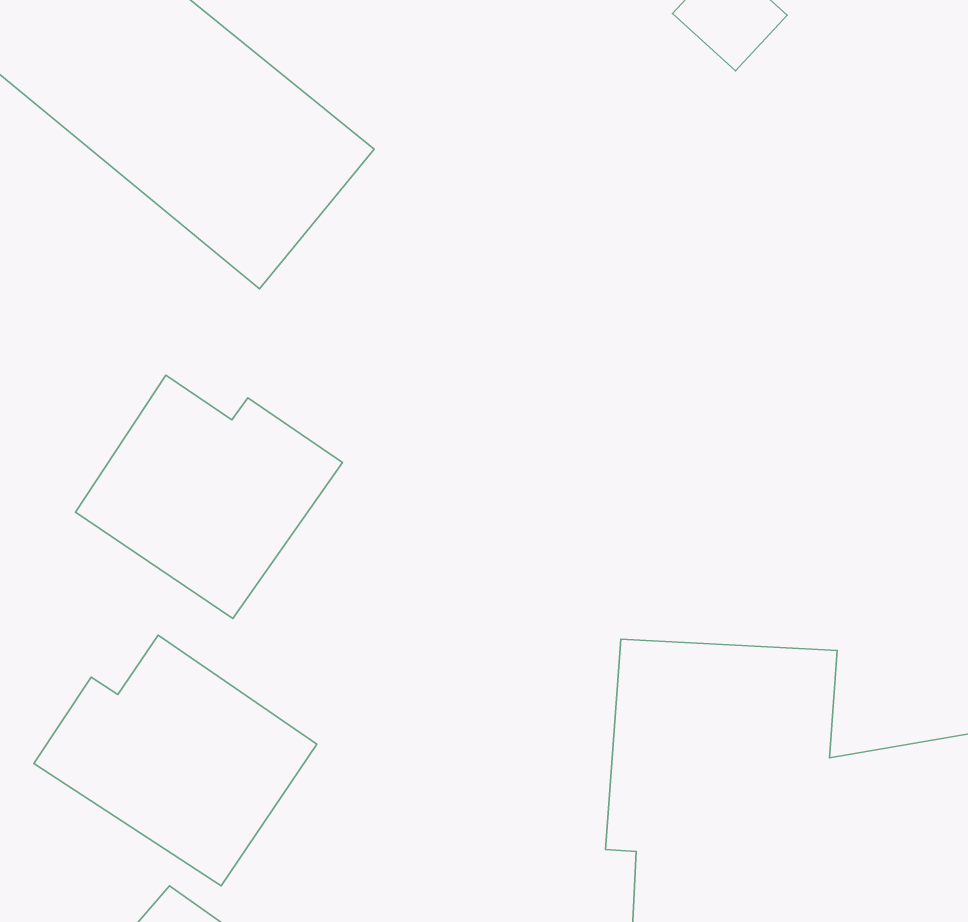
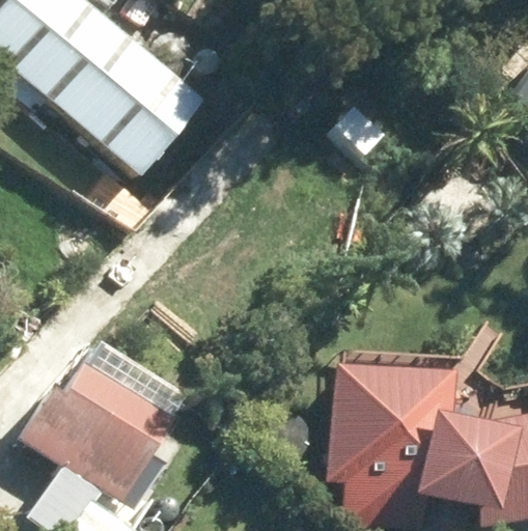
building: [75,375,343,618] -> none

